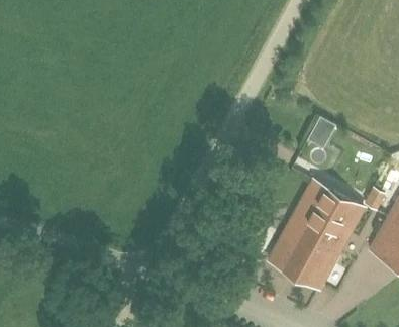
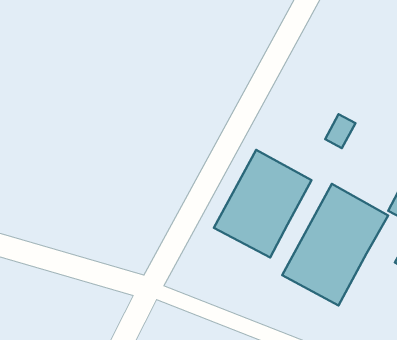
building: none -> [214,150,312,258]

